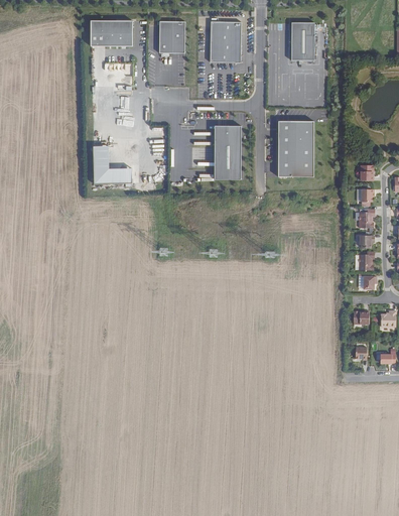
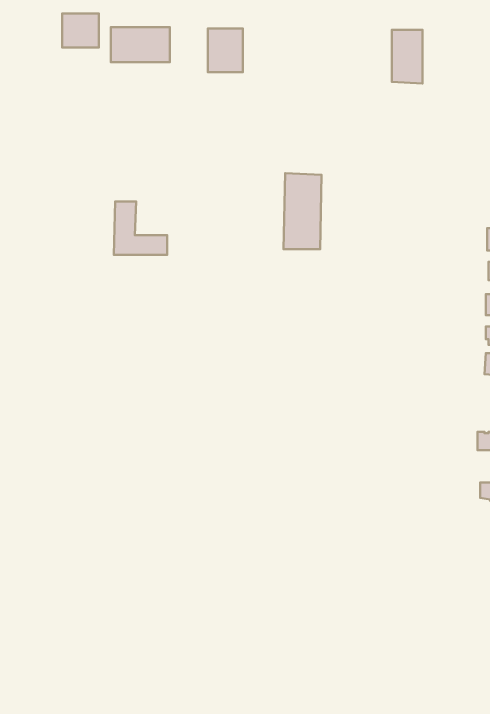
building: none -> [62,14,99,47]
building: [211,21,241,61] -> none
building: [278,121,313,176] -> none

